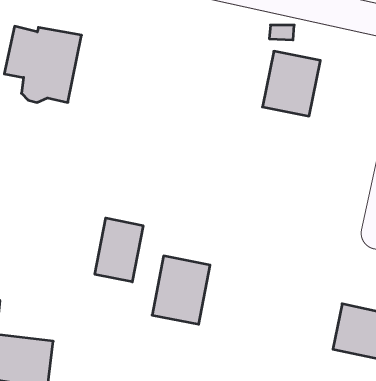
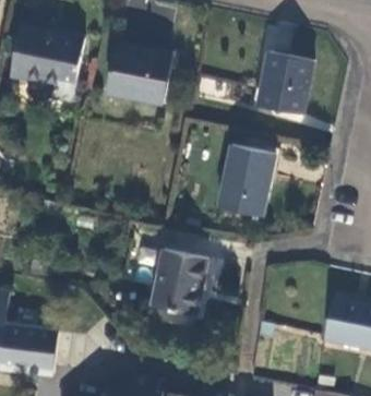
building: none -> [107,44,172,104]
building: none -> [219,145,275,217]
building: [95,218,143,282] -> none

